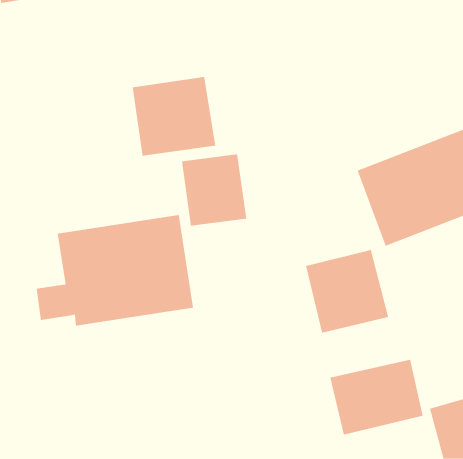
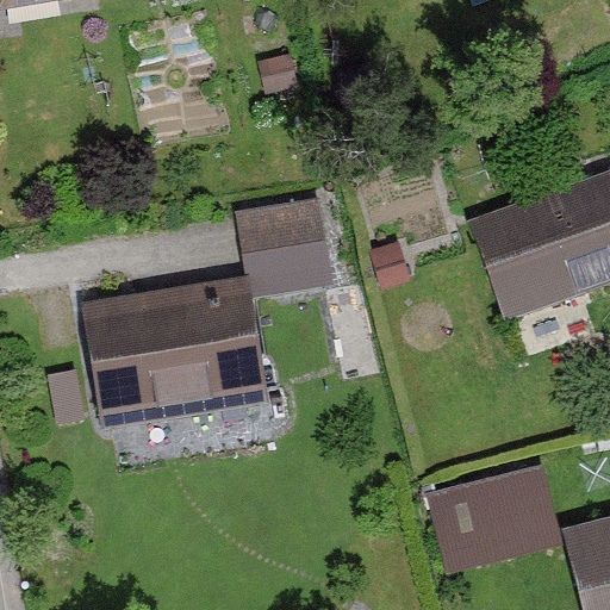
building: [132,76,216,156] -> none
building: [306,249,389,333] -> none

